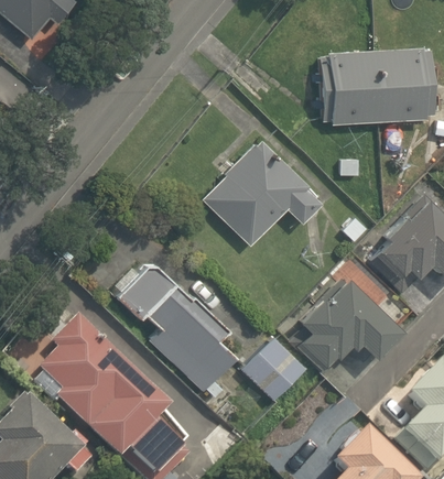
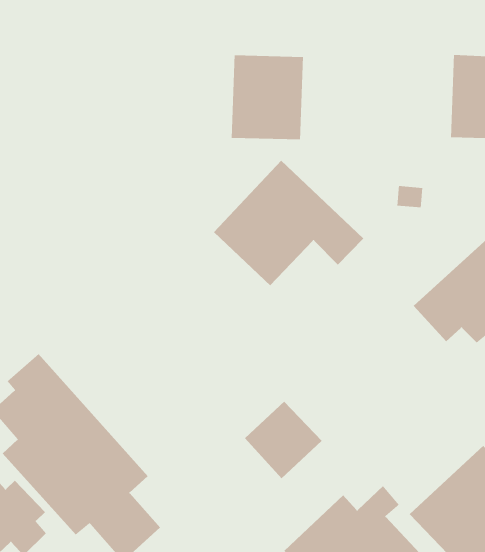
building: [325,51,383,120] -> [231,55,304,140]
building: [123,259,247,398] -> none
building: [291,274,402,371] -> none

